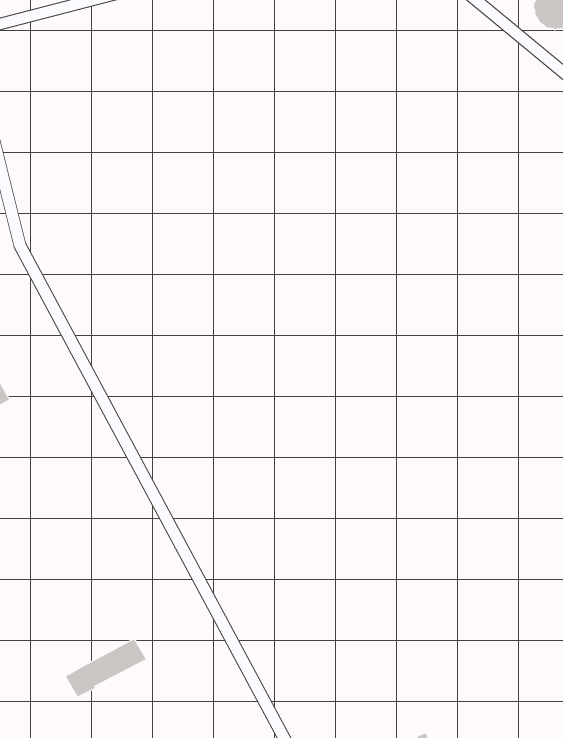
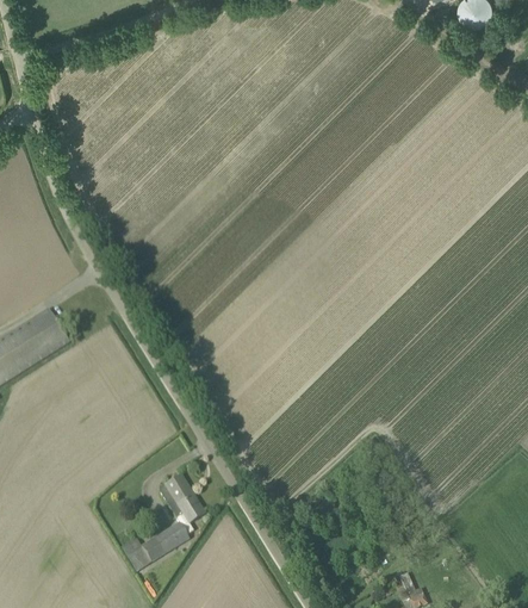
building: none -> [157,474,203,521]

